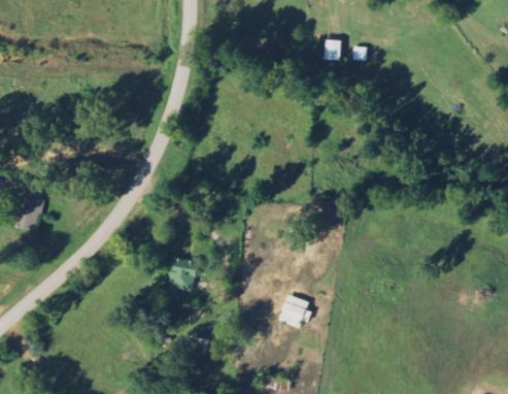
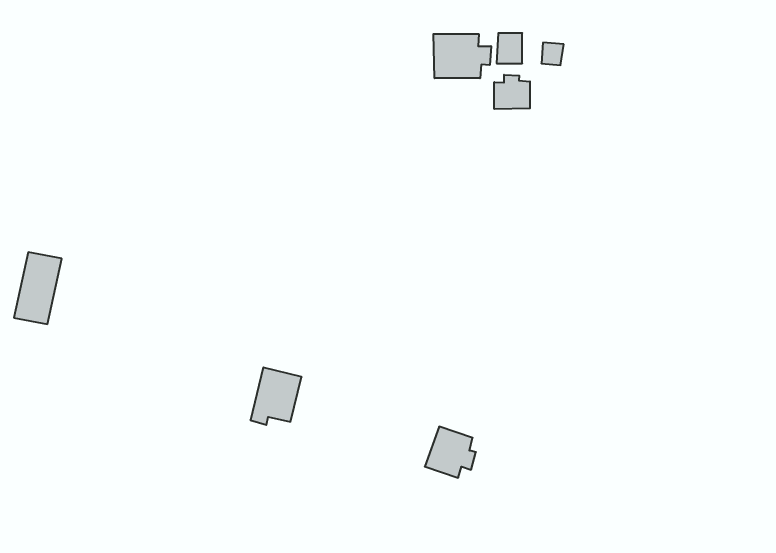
building: none -> [433,34,491,78]
building: none -> [494,75,530,109]

